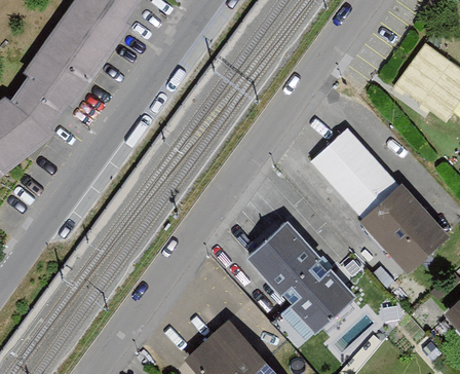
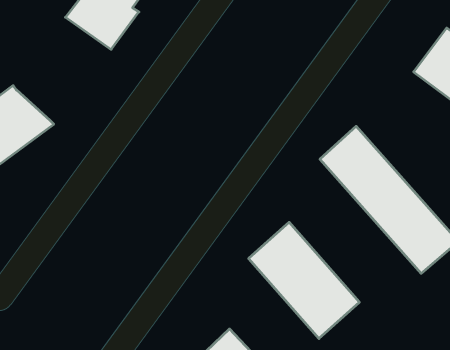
building: [18,25,110,124] -> none

